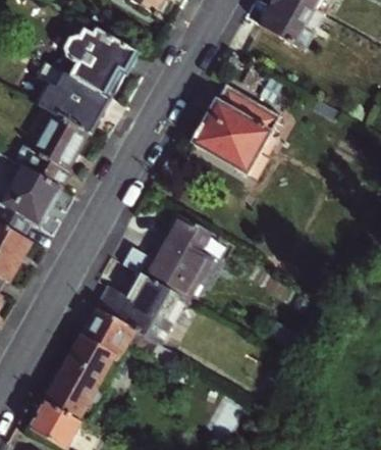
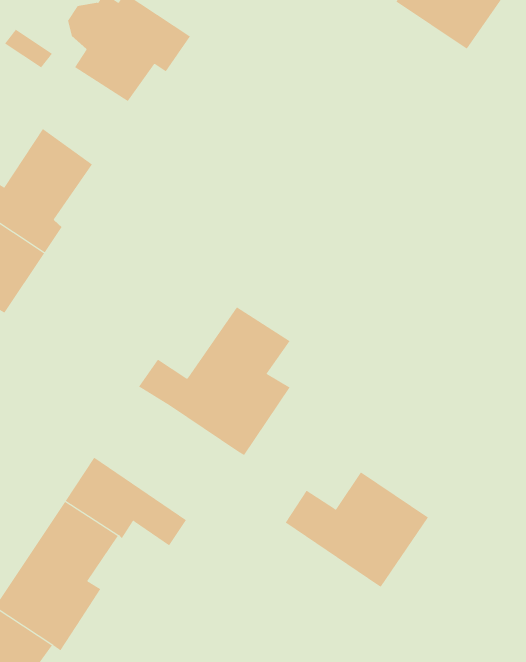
building: [40,69,111,133] -> none
building: [191,84,279,173] -> none
building: [98,272,183,341] -> [285,471,429,588]

